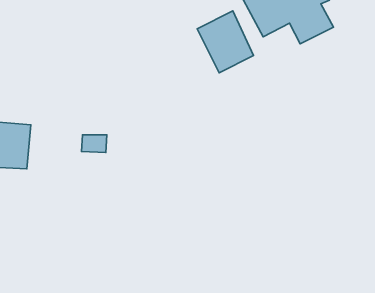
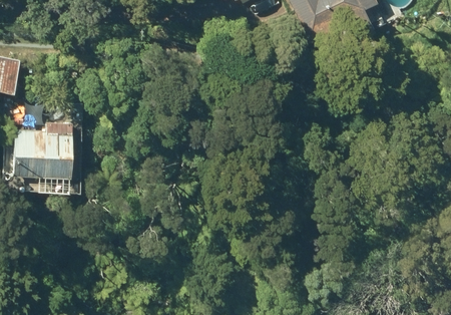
building: [197,11,253,73] -> none

